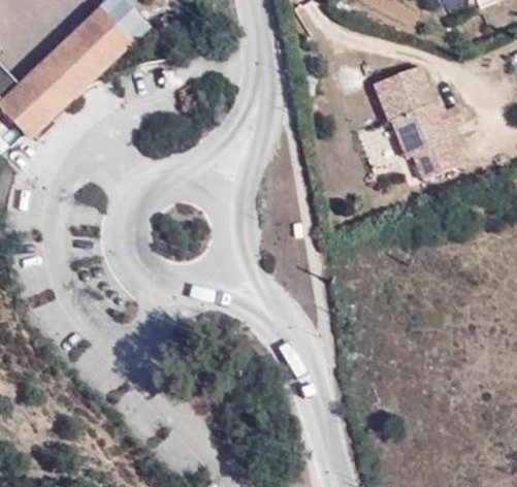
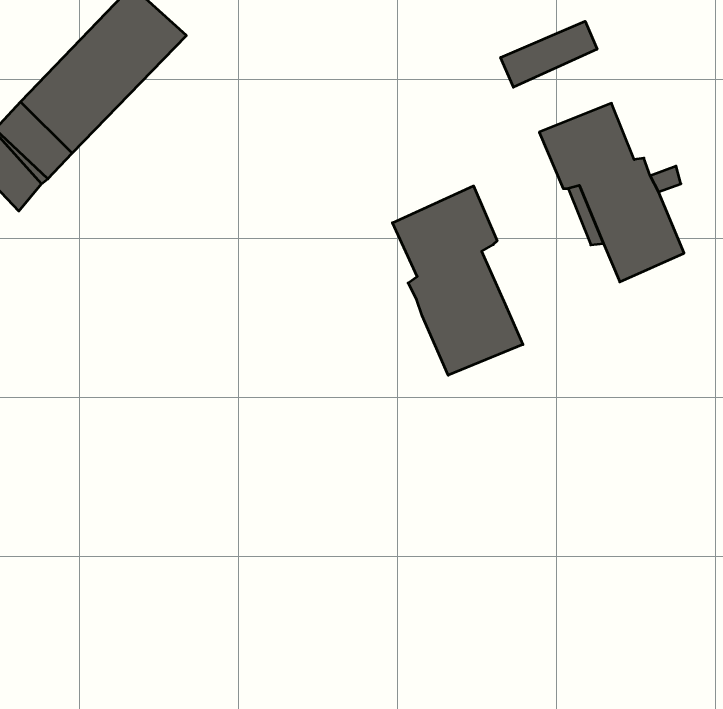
building: none -> [501,21,597,87]
building: none -> [392,186,523,375]

